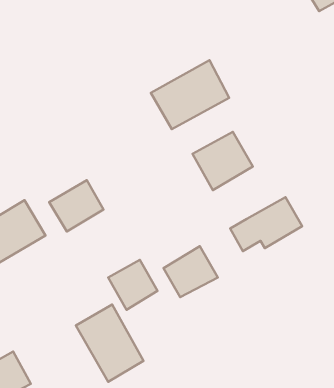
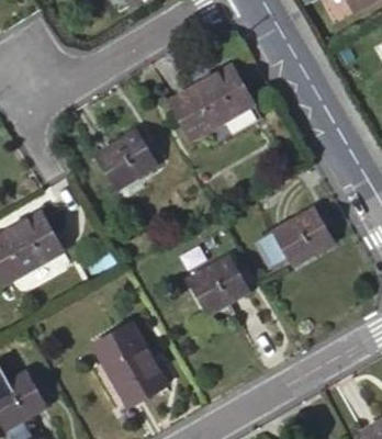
building: [192,132,253,190] -> none
building: [49,180,103,231] -> [97,132,154,185]
building: [108,260,158,310] -> none

